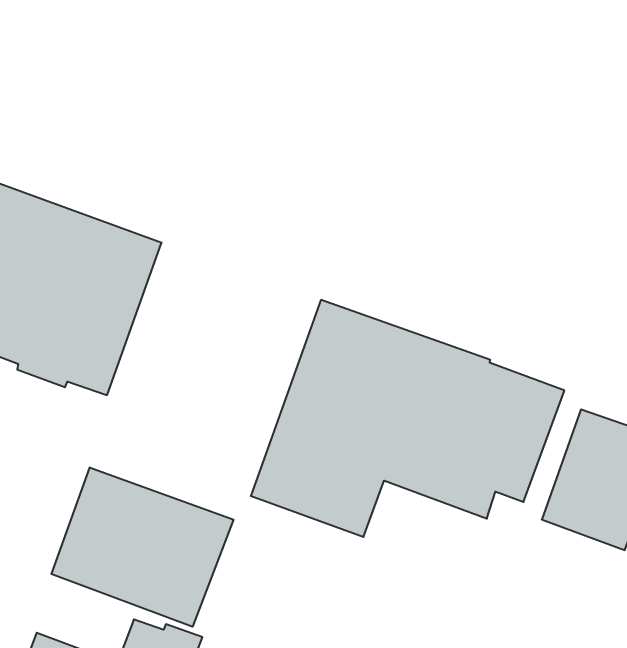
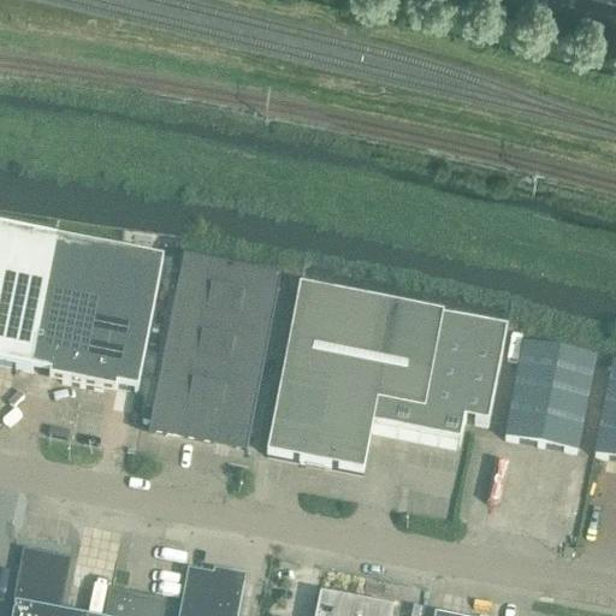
building: none -> [150,253,282,442]
building: [51,467,234,627] -> none

